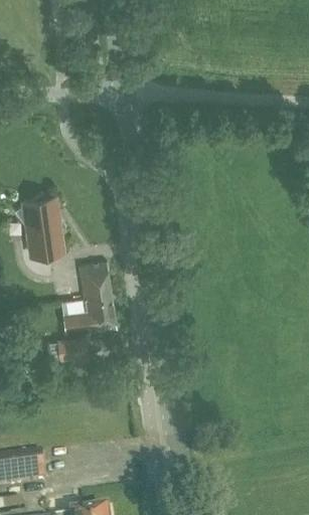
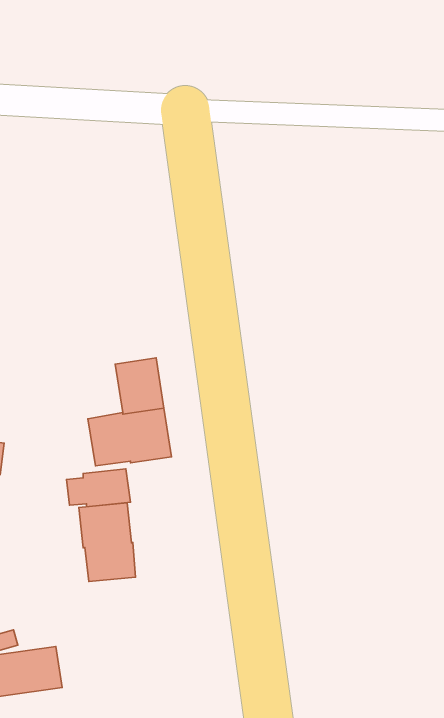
building: [14,196,66,255] -> none
building: none -> [79,503,136,581]

